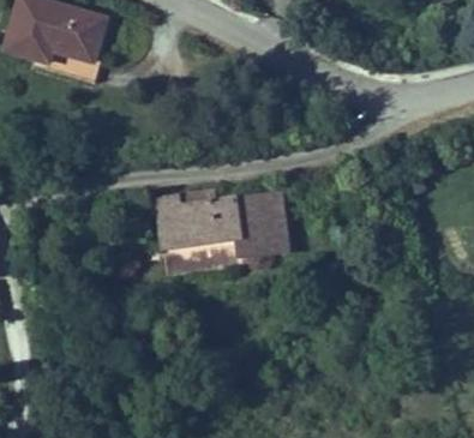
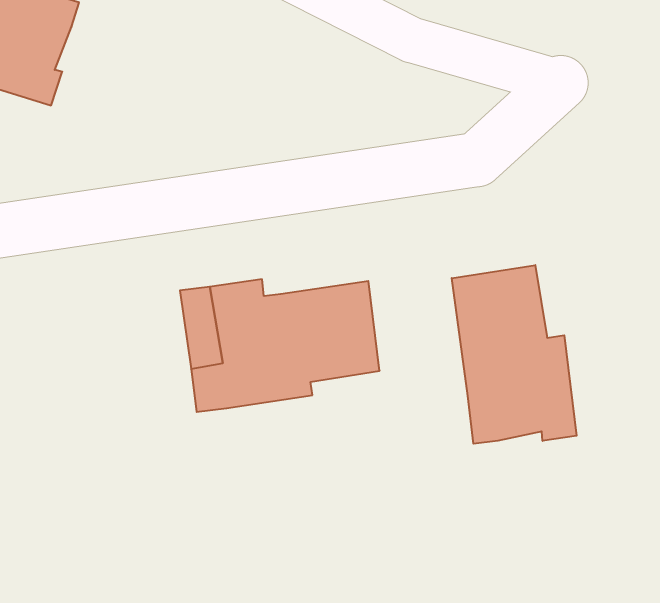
building: none -> [452,265,577,444]

